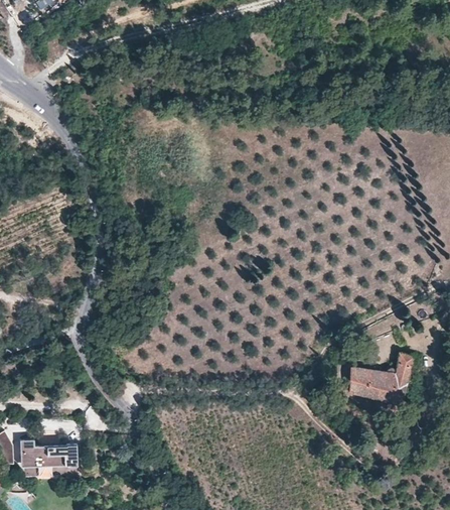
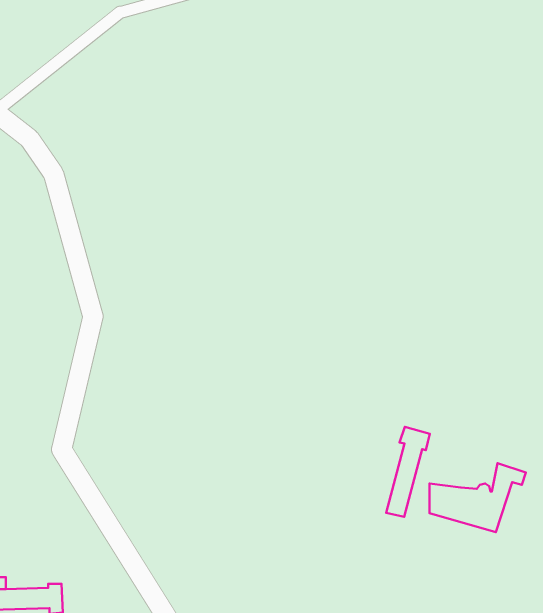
building: none -> [386,427,430,517]

